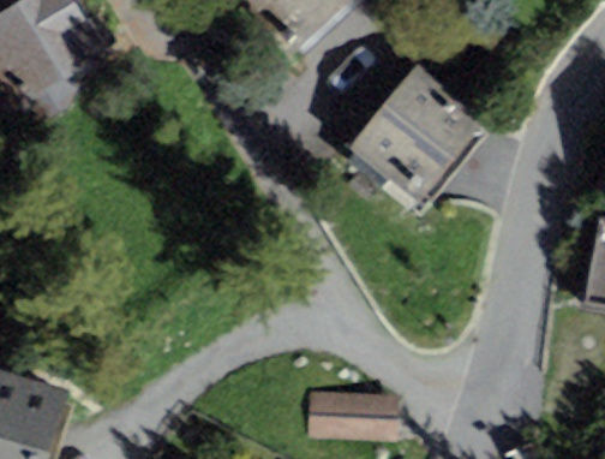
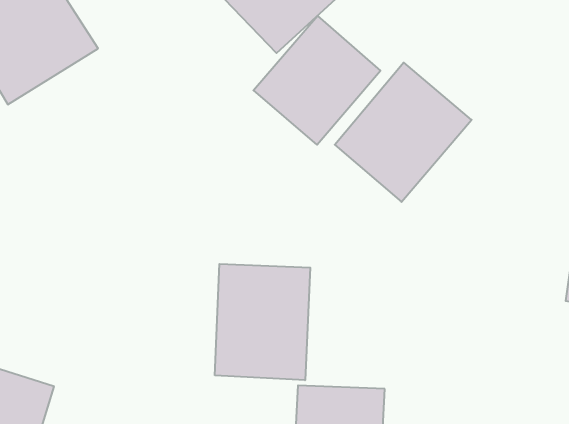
building: none -> [253,16,380,145]
building: none -> [215,264,310,380]

